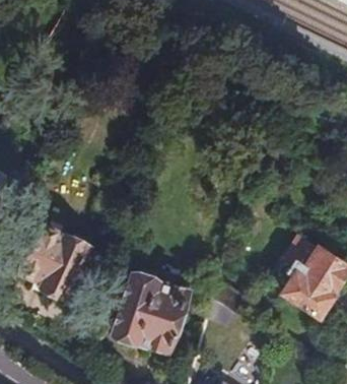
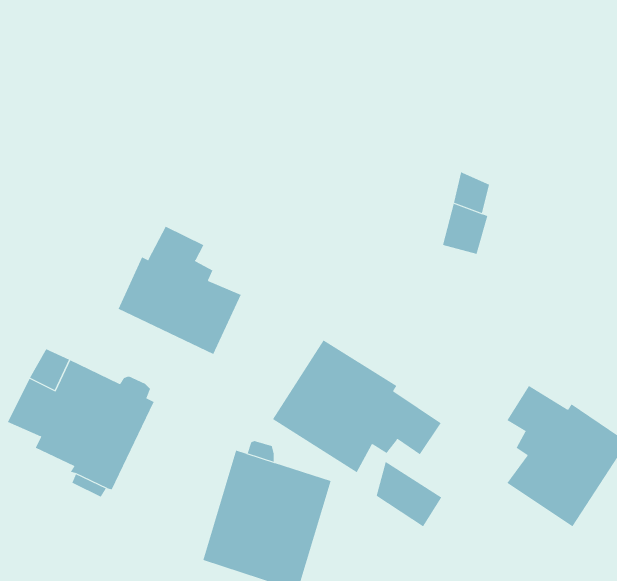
building: none -> [118,226,241,355]
building: none -> [272,340,441,473]

